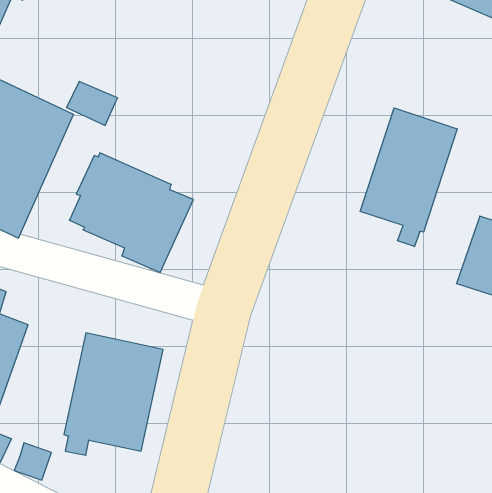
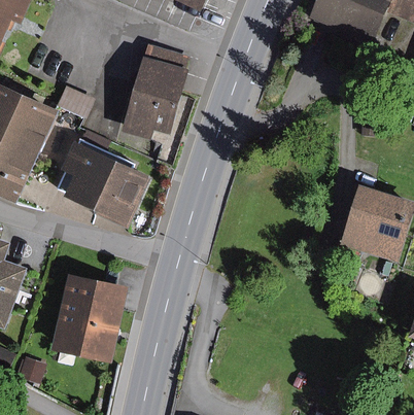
building: none -> [119,44,186,141]
building: [360,108,457,247] -> none

